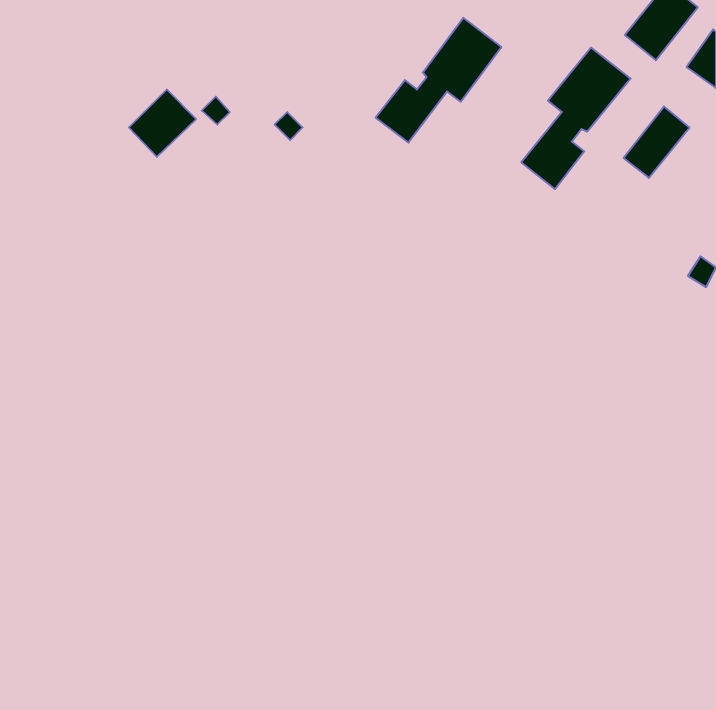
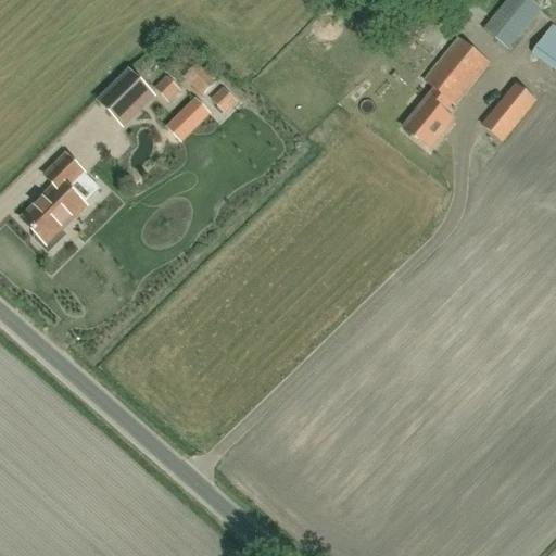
building: [376,18,501,143] -> none
building: none -> [176,96,211,130]
building: none -> [23,154,85,251]

